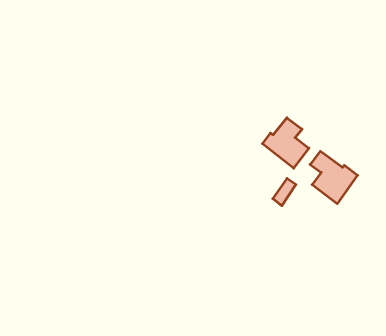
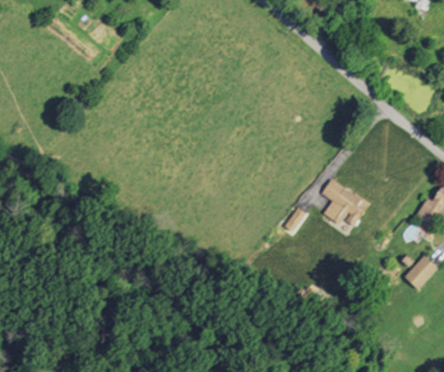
building: [262,118,309,168] -> none

